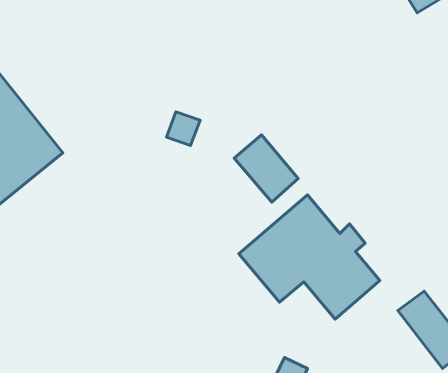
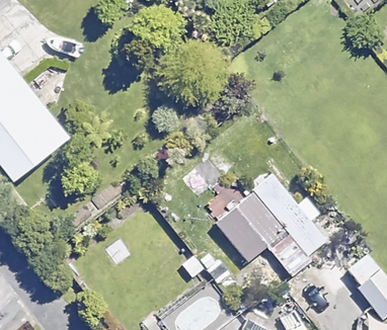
building: [234,135,298,202] -> none

